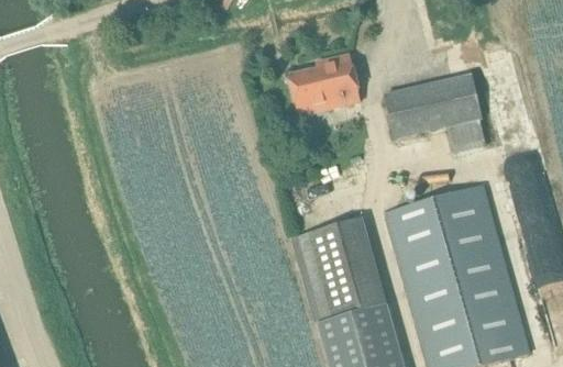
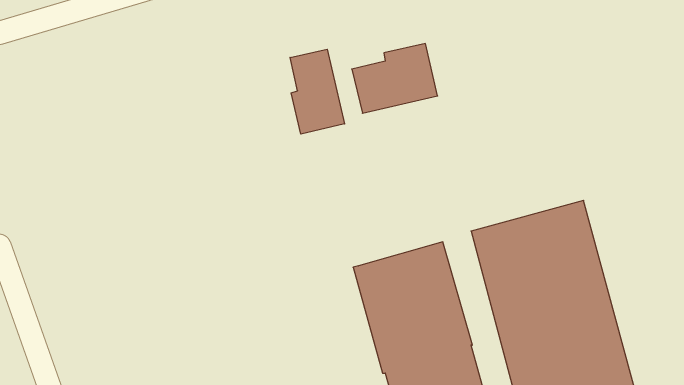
building: none -> [290,49,345,134]
building: [385,75,487,154] -> none

